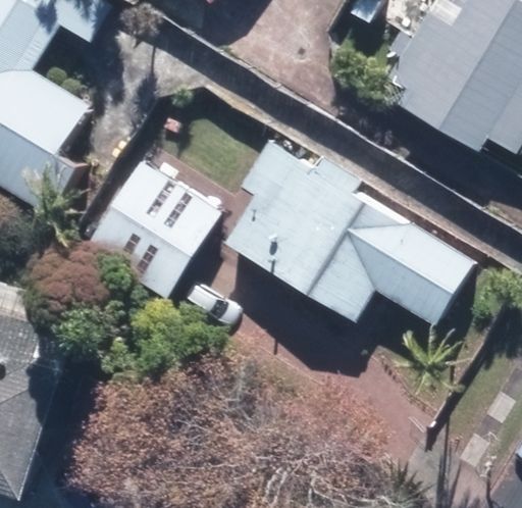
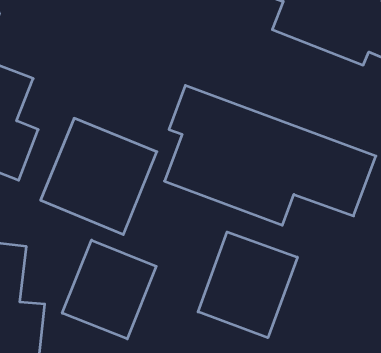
building: none -> [62,240,156,339]
building: none -> [198,232,297,338]

